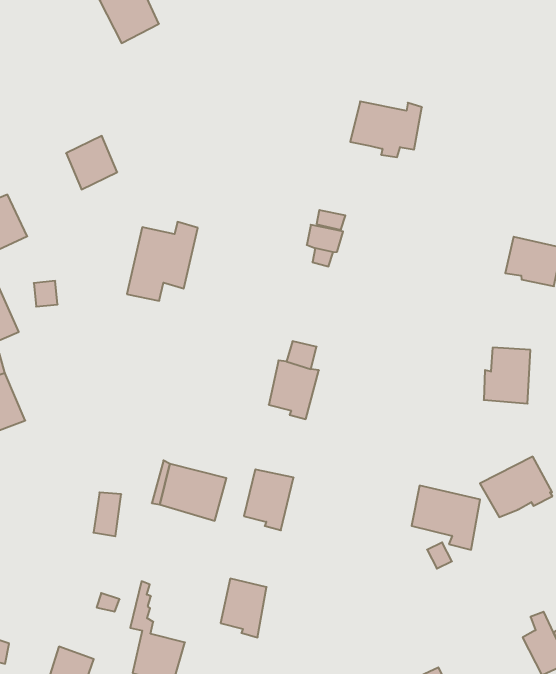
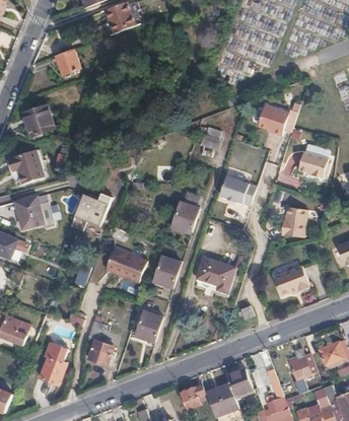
building: [350,101,422,157] -> [258,103,296,134]
building: [66,136,117,189] -> [56,48,81,74]
building: [127,222,198,301] -> [71,192,111,231]
building: none -> [219,174,256,205]
building: [412,486,480,550] -> [201,256,237,291]

